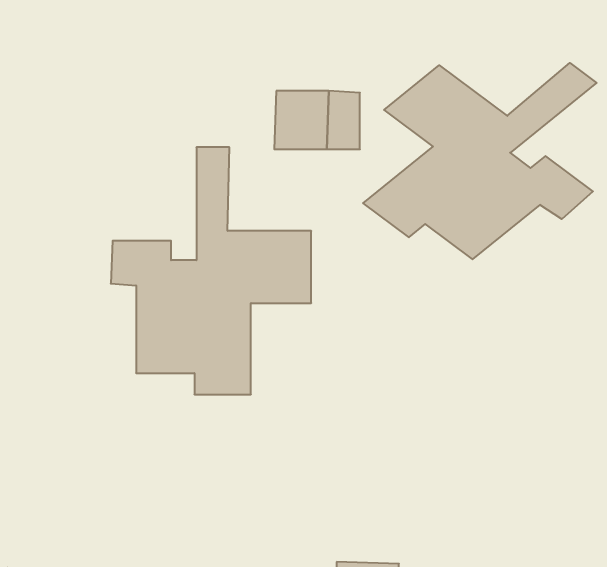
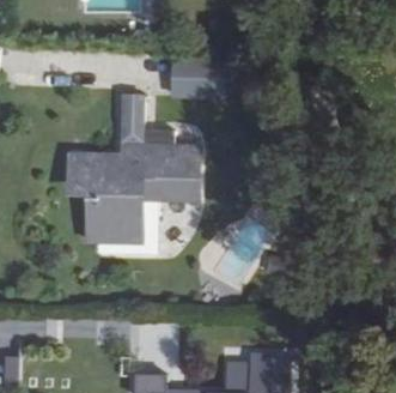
building: [363,63,597,259] -> none

